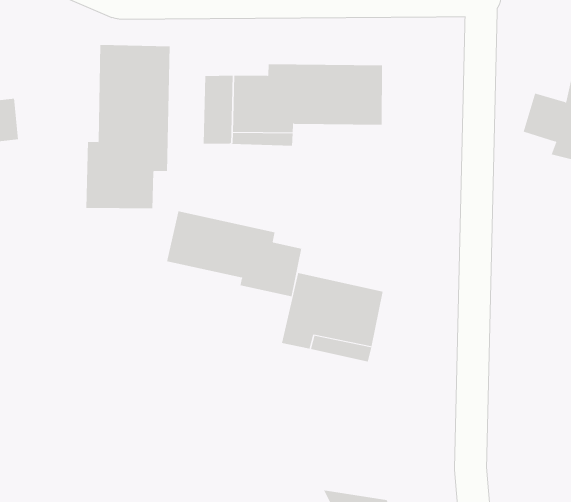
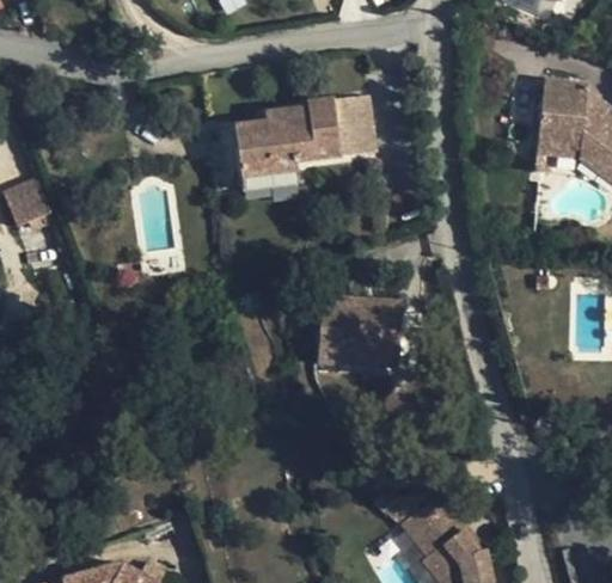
building: [86,44,170,209] -> none
building: [167,211,302,297] -> none

